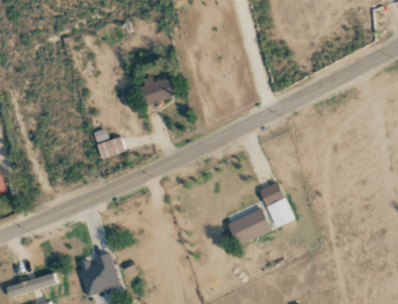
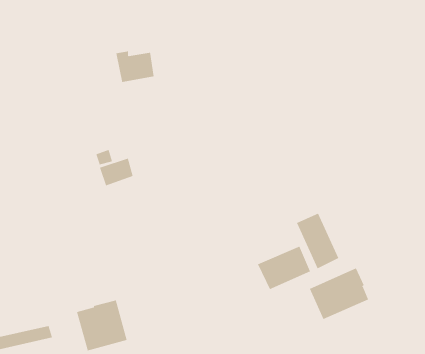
building: [140,78,173,104] -> [115,51,155,83]
building: none -> [309,268,369,320]

